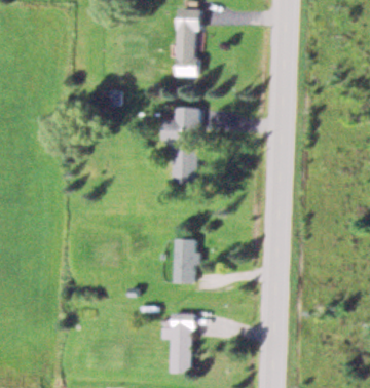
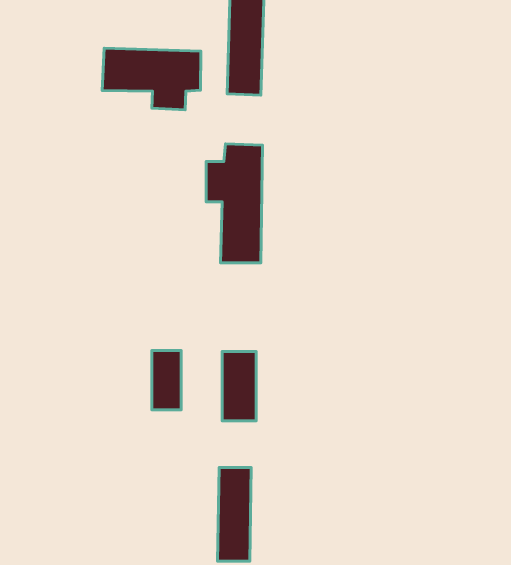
building: none -> [102,48,201,110]
building: none -> [152,350,181,410]

